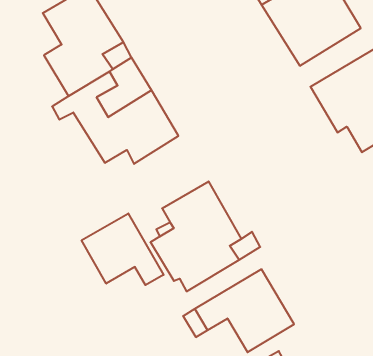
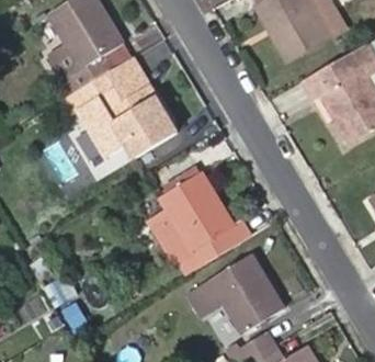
building: [82,213,164,285] -> none

